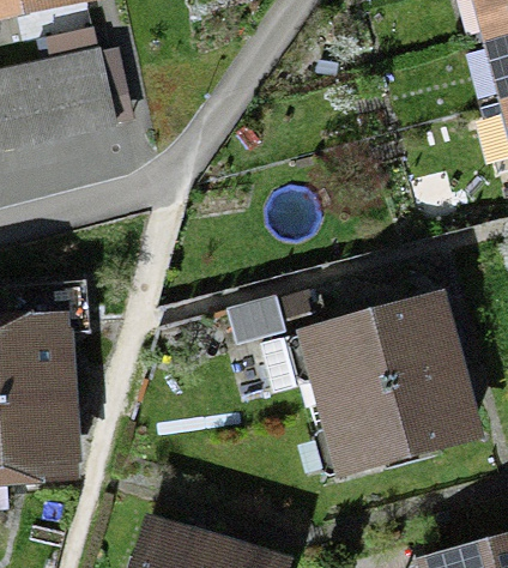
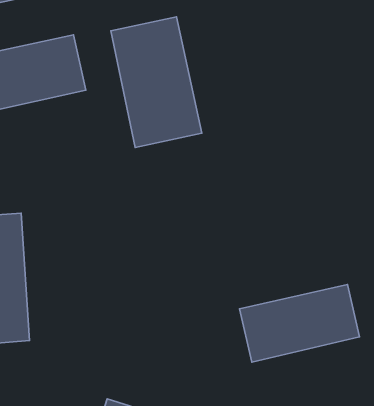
building: none -> [111,17,202,148]
building: [301,302,455,404] -> none

